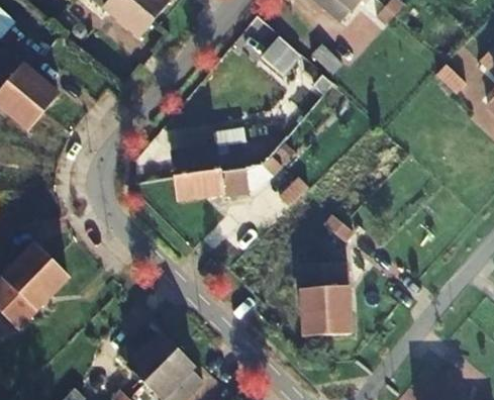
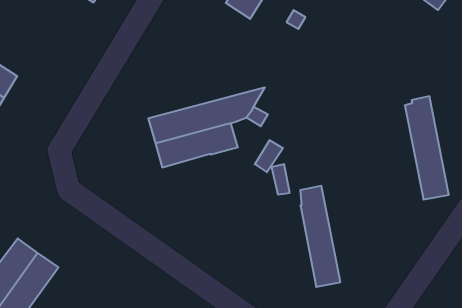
building: [322,238,351,333] -> [405,96,449,200]

